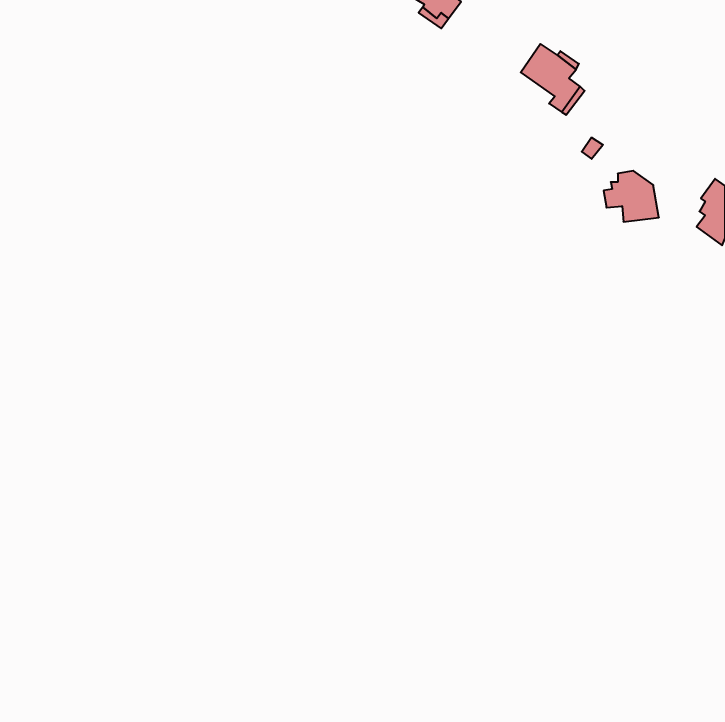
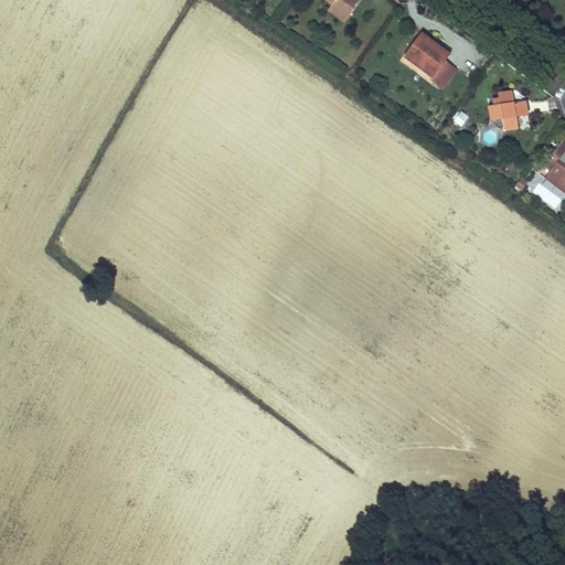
building: [604,171,659,222] -> [487,89,530,129]

